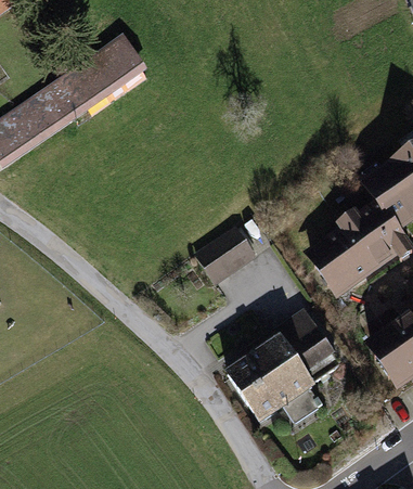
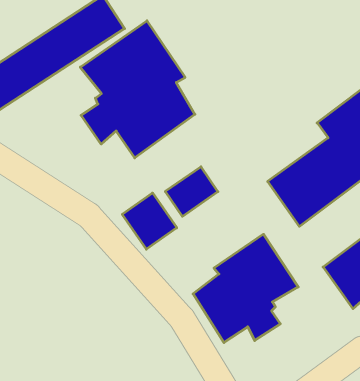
building: none -> [80,21,195,158]
building: none -> [122,193,177,249]

